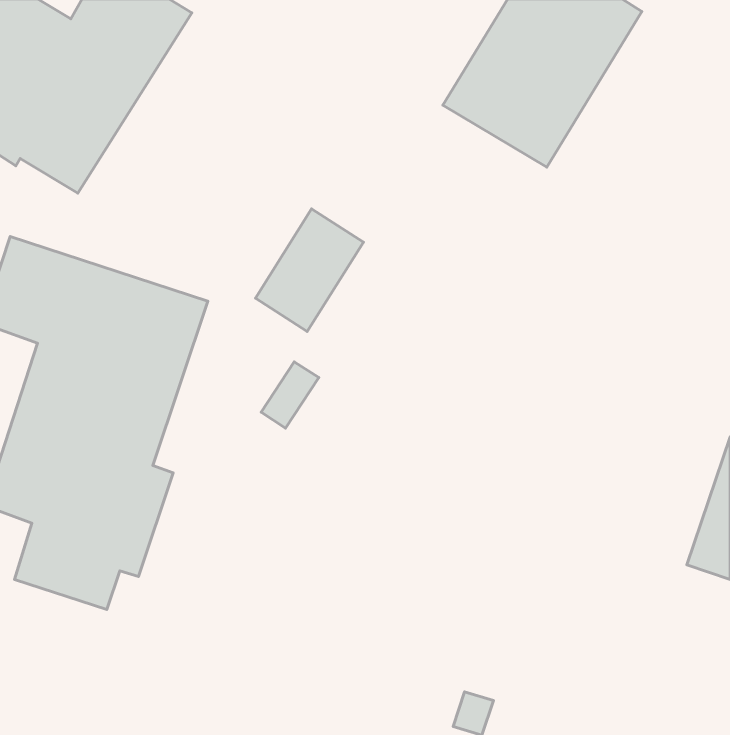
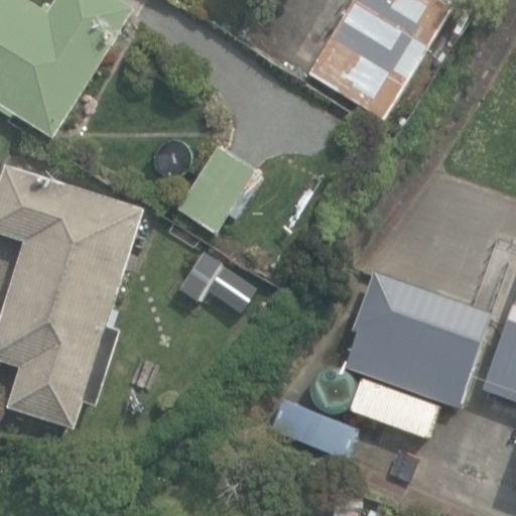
building: none -> [335,269,490,411]

